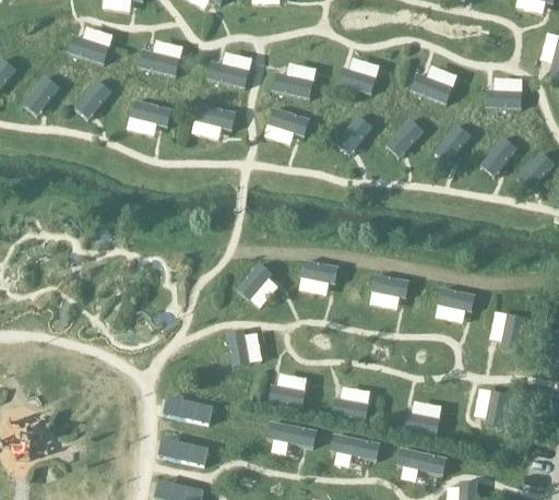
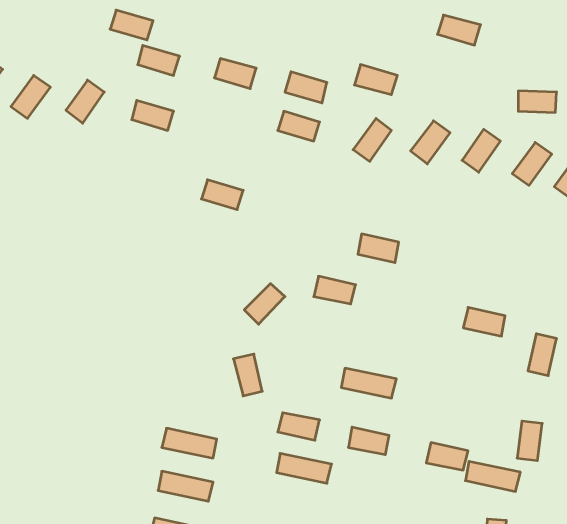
building: [68,36,107,63] -> [110,10,153,40]
building: [412,74,451,102] -> [437,15,481,45]
building: [194,103,233,130] -> [201,180,243,210]
building: [370,274,407,300] -> [358,234,399,263]
building: [330,433,380,461] -> [341,368,396,398]
building: [395,448,445,475] -> [465,461,520,491]

